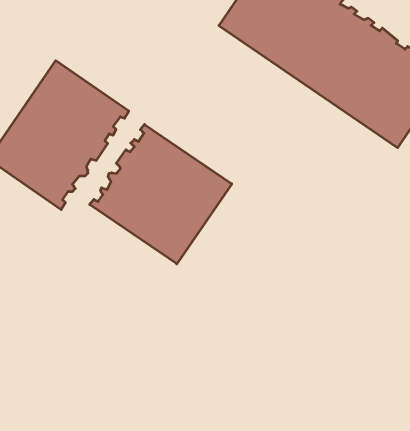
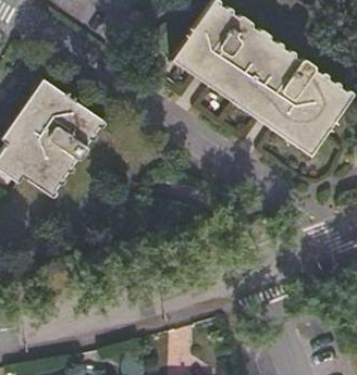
building: [90,124,232,264] -> none

